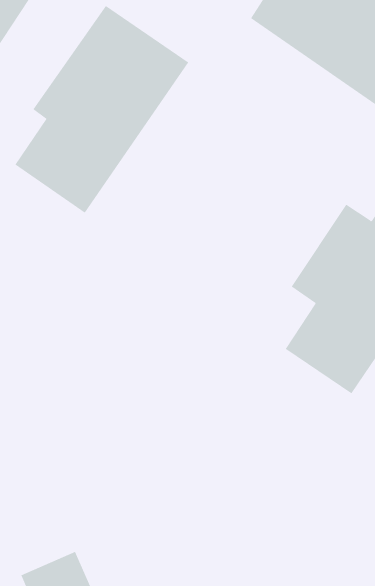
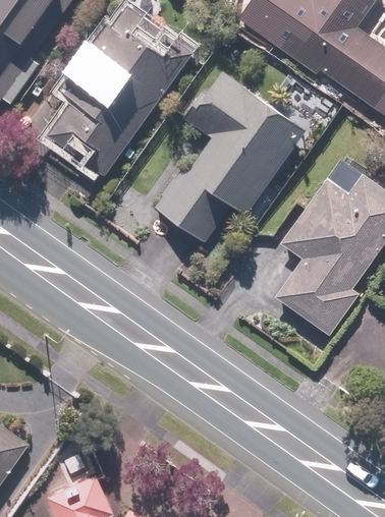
building: none -> [154,71,308,244]

